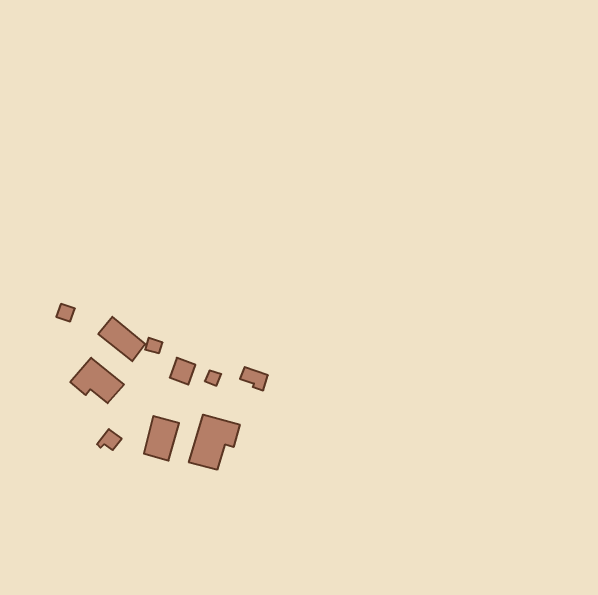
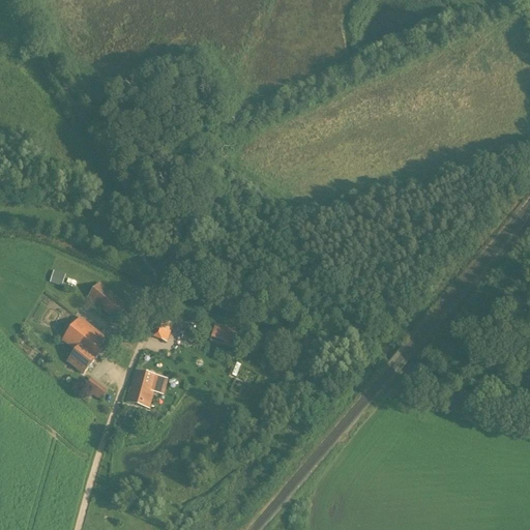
building: none -> [67,345,95,373]
building: [189,415,240,470] -> none

